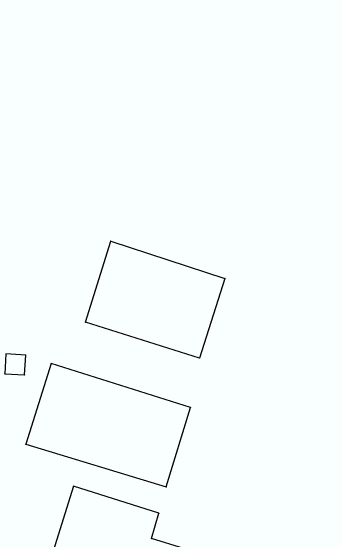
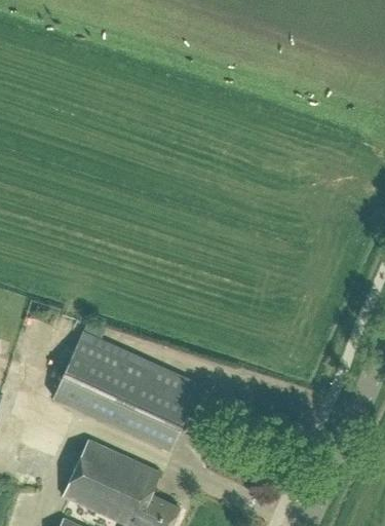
building: [85,241,225,358] -> none

